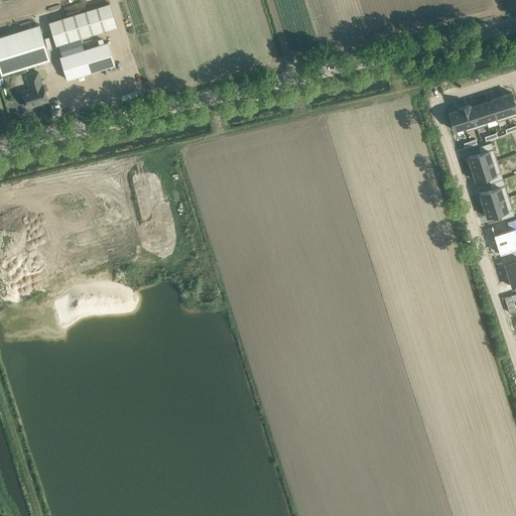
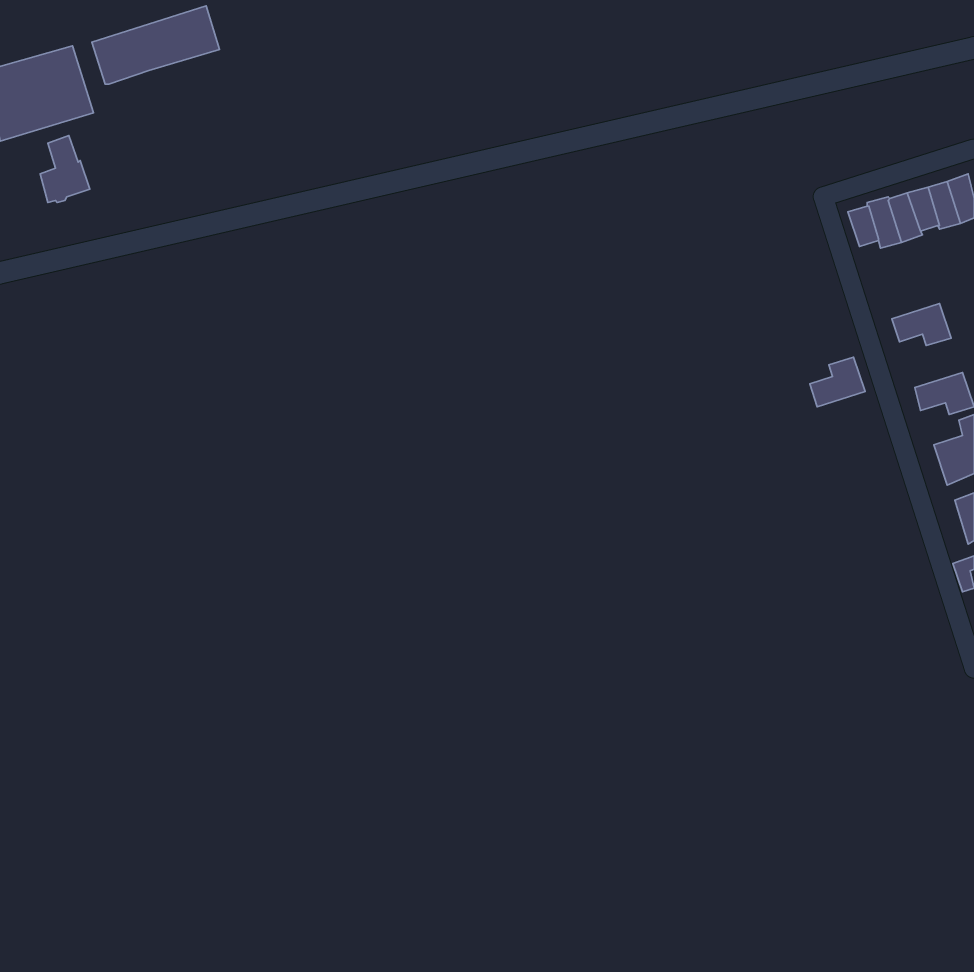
building: [57,39,114,82] -> none
building: [467,144,496,170] -> none
building: [479,180,508,207] -> [810,357,865,407]

